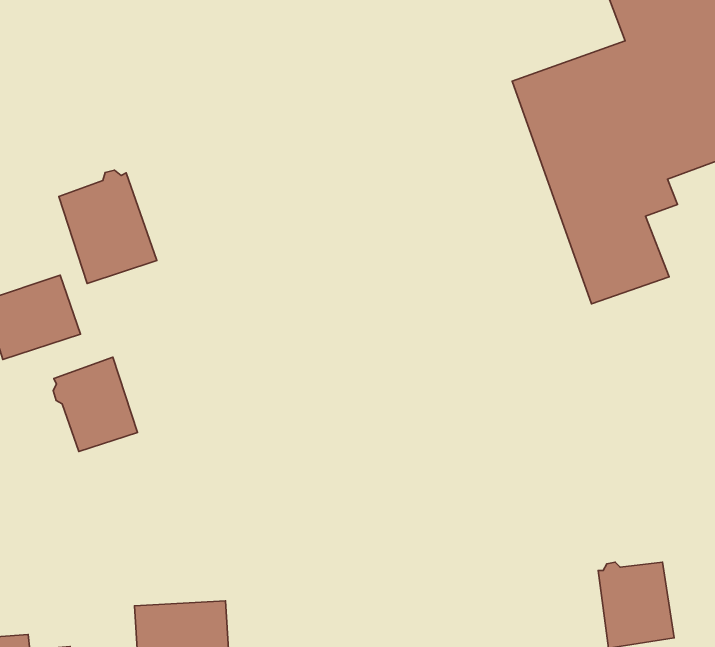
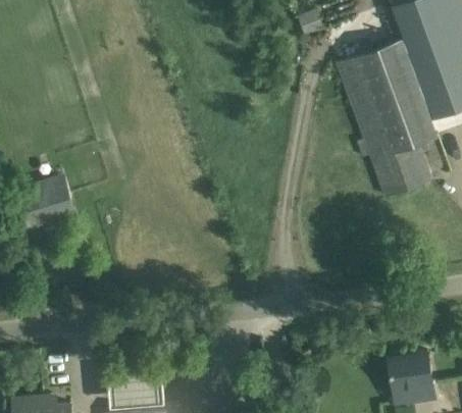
building: [59,170,157,283] -> none
building: [53,357,138,452] -> none

